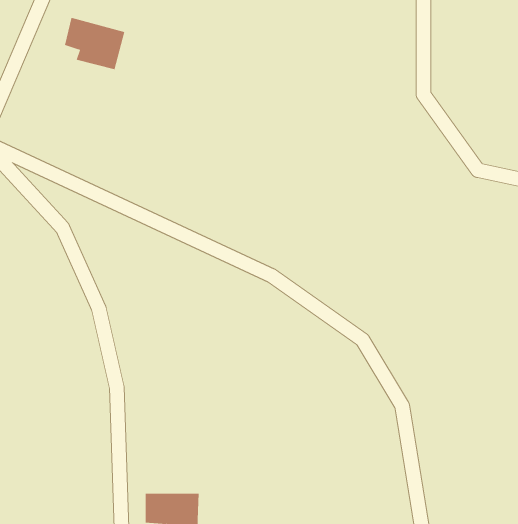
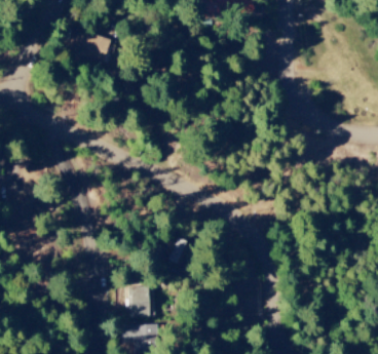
building: none -> [129,283,151,315]

